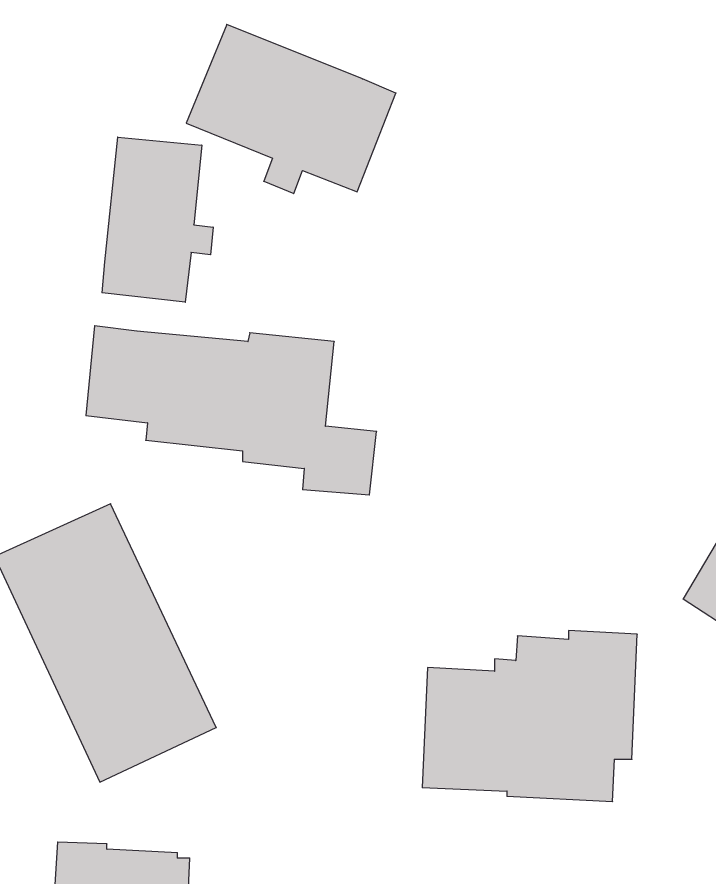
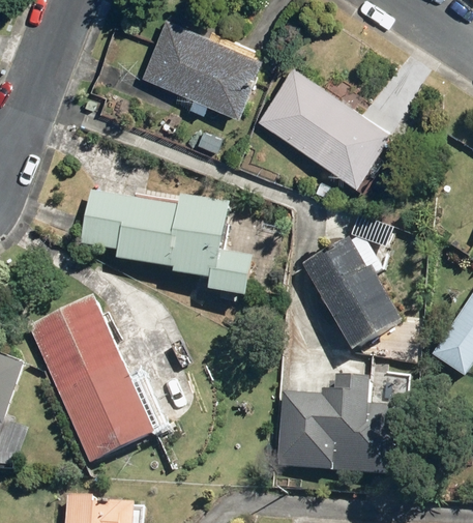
building: none -> [257,66,393,184]
building: [102,137,213,302] -> none
building: none -> [304,241,403,350]

